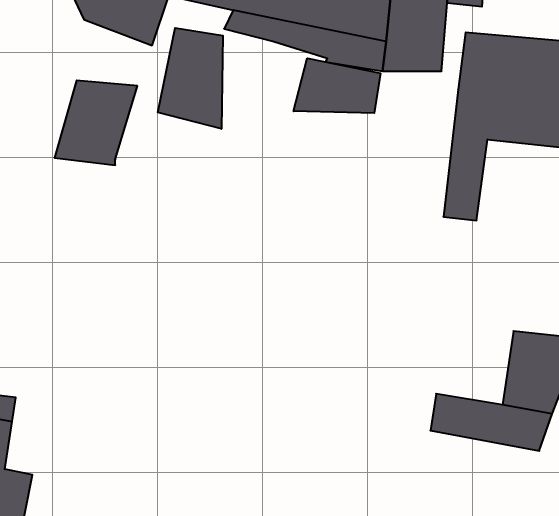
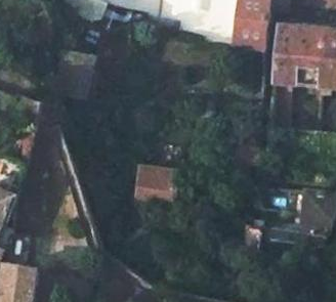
building: [158,28,223,129] -> none
building: [294,58,381,113] -> none
building: none -> [139,165,176,212]

